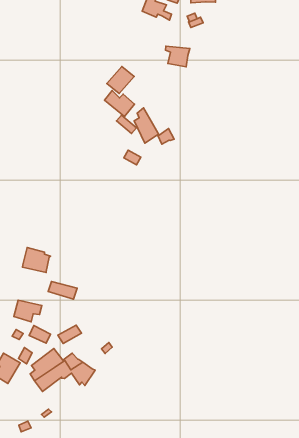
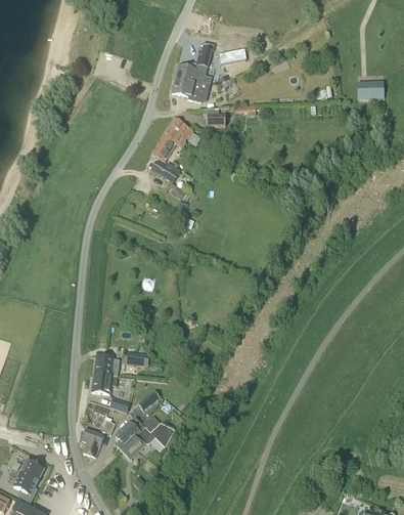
building: none -> [172,78,204,101]
building: none -> [163,116,193,146]
building: [134,108,174,144] -> none
building: [22,248,50,272] -> [94,354,120,376]

